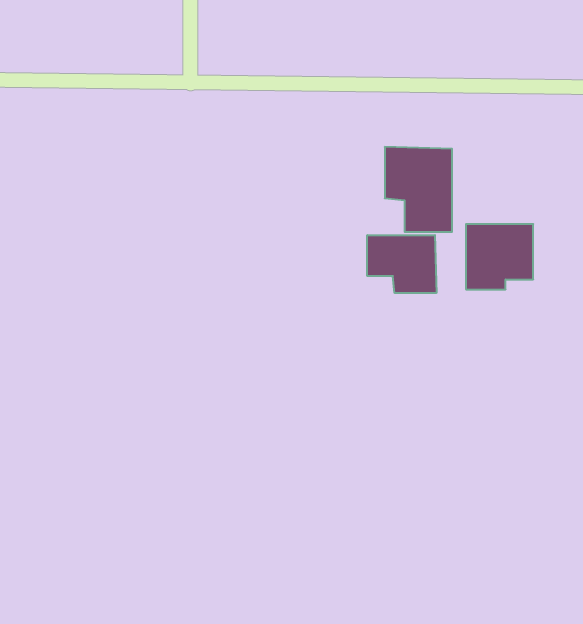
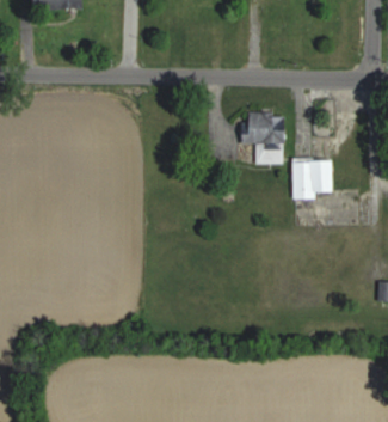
building: [367,235,436,293] -> none

